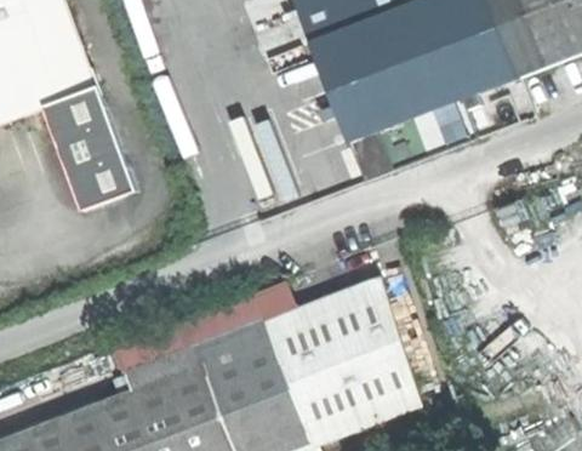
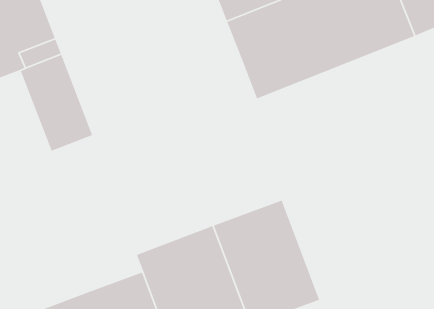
building: [114,280,291,390] -> none

